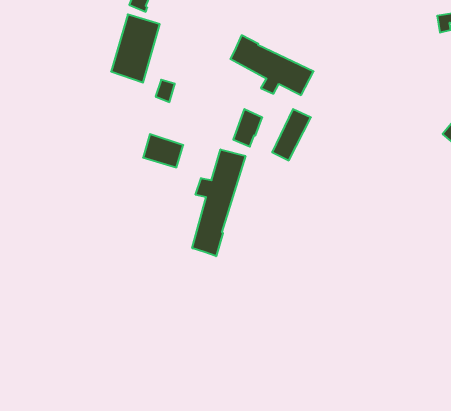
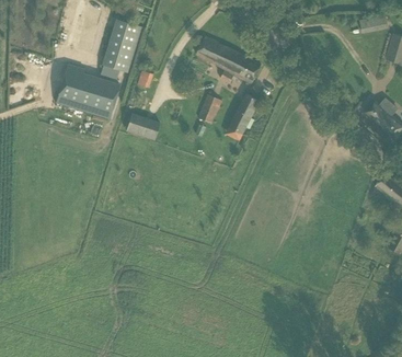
building: none -> [55,64,119,118]
building: [192,149,245,256] -> none

